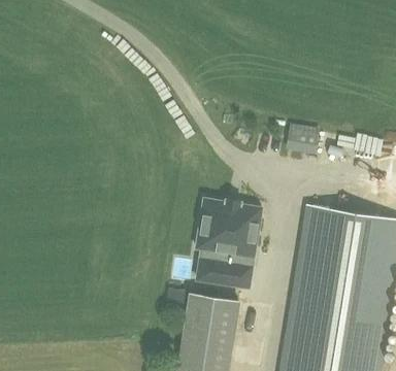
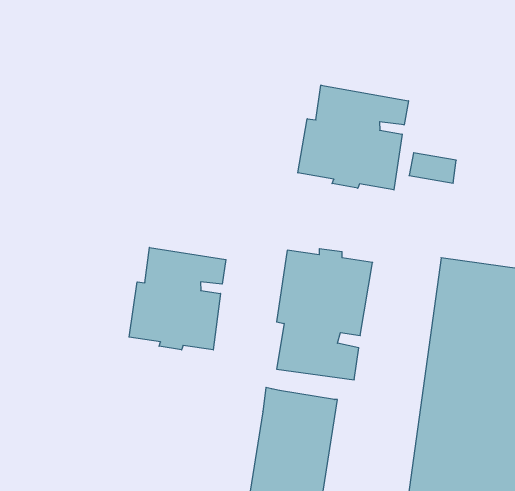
building: none -> [298,85,408,190]
building: none -> [129,247,226,350]

